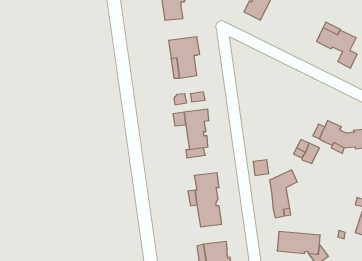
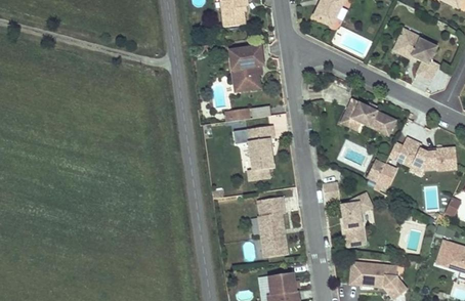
building: none -> [340,98,396,136]

